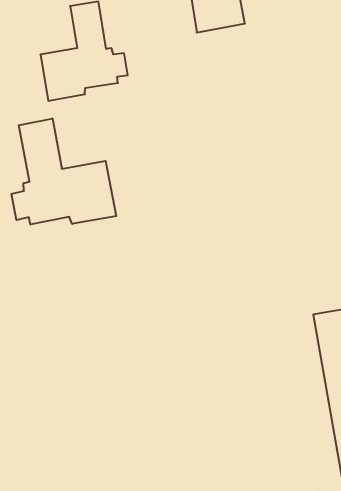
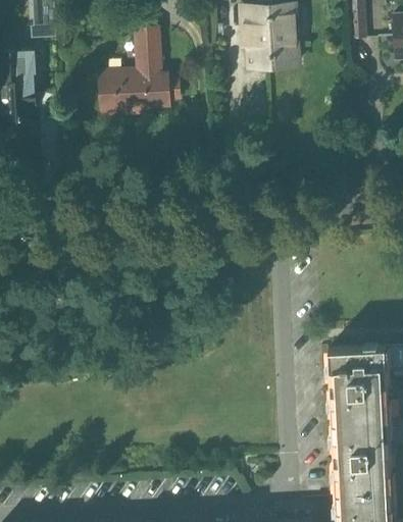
building: [12,118,116,225] -> none

